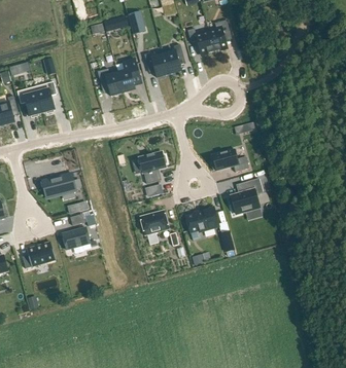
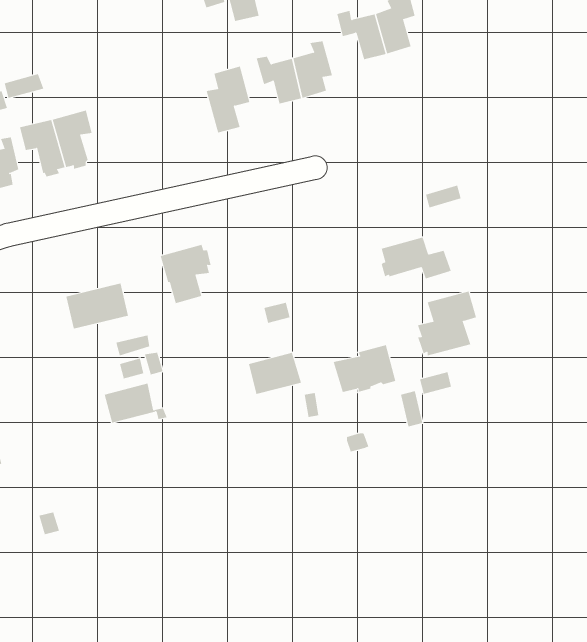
building: [97,69,123,97] -> none
building: [138,151,166,183] -> [160,244,212,304]
building: [22,241,55,268] -> none

